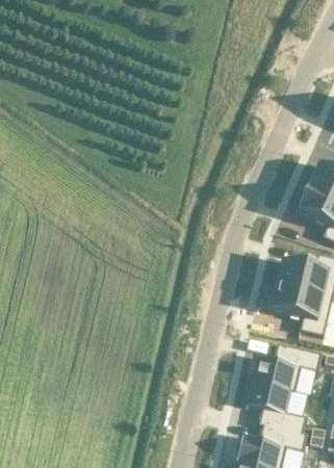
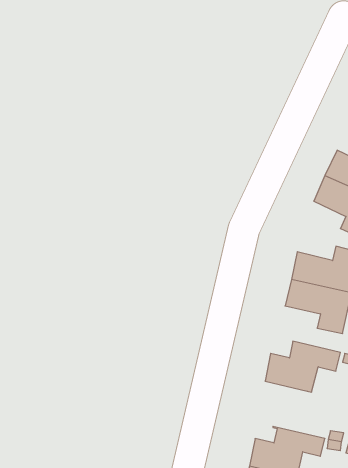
building: [246,380,308,434] -> none

